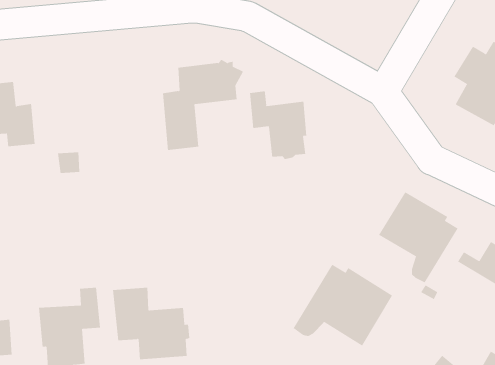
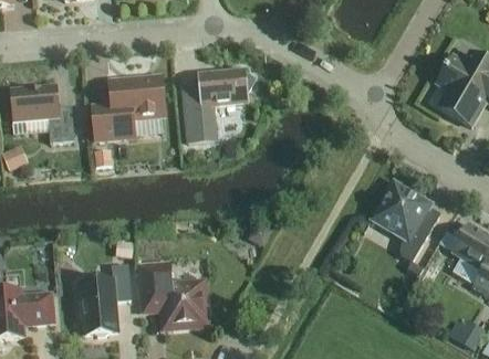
building: none -> [92,74,163,137]
building: [249,91,307,160] -> none
building: [293,264,393,347] -> none

